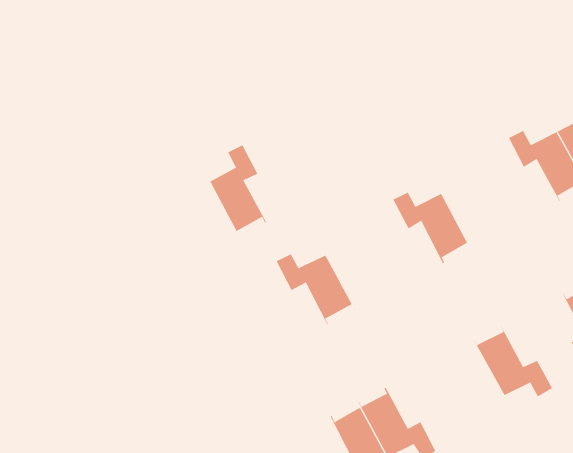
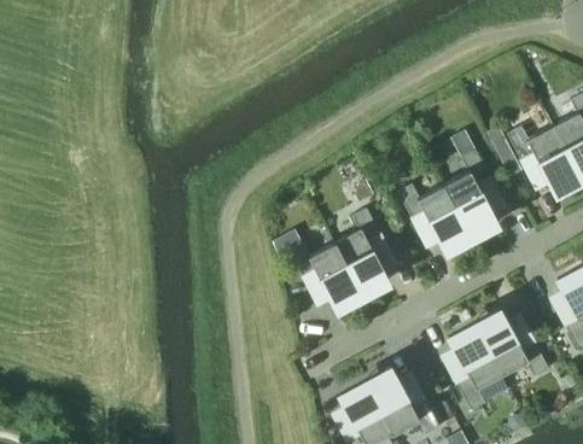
building: [209,144,267,237] -> [336,209,390,296]
building: none -> [444,151,499,238]
building: none -> [448,325,503,411]

